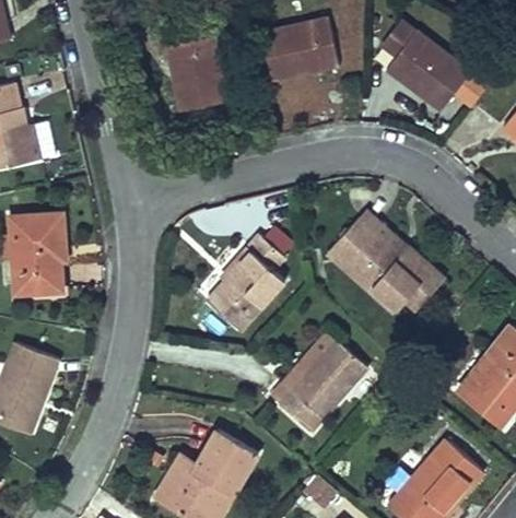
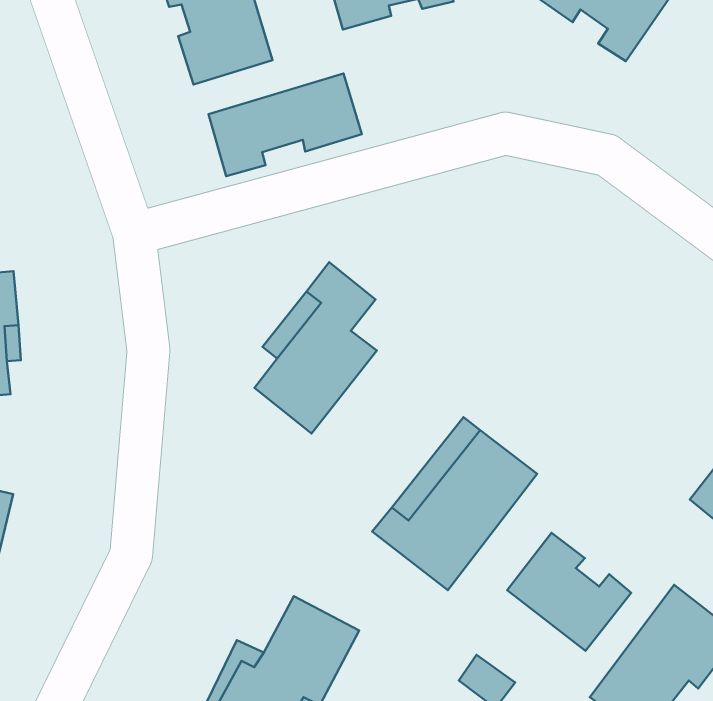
building: none -> [208,74,362,176]
building: [332,217,442,306] -> none
building: none -> [507,533,631,651]

